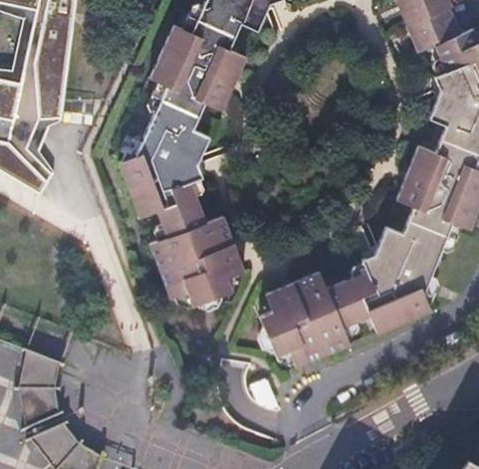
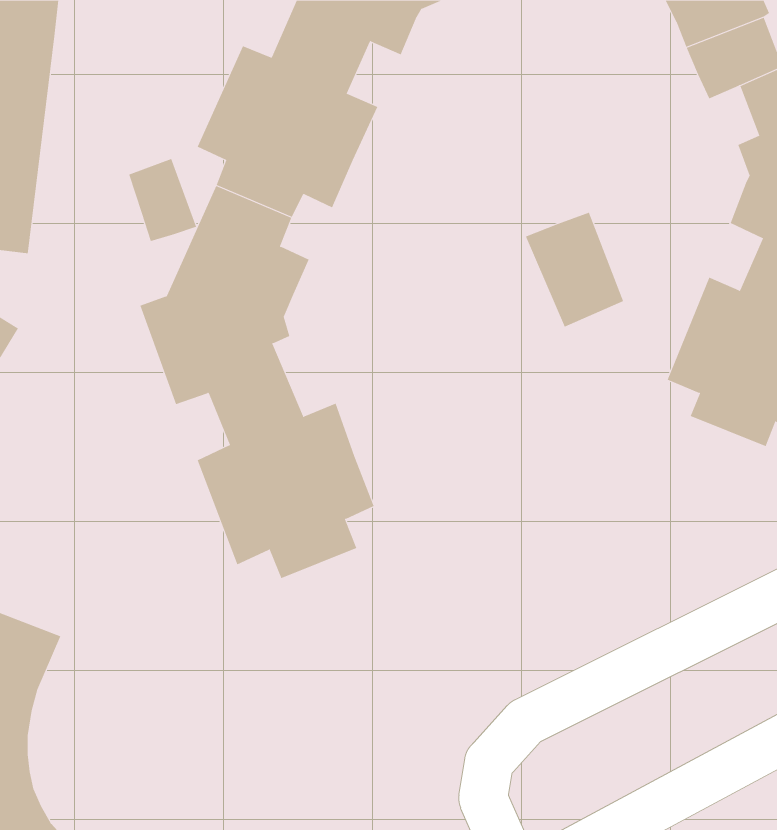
building: none -> [129,158,197,242]
building: none -> [525,212,624,328]
building: [258,220,448,367] -> none

